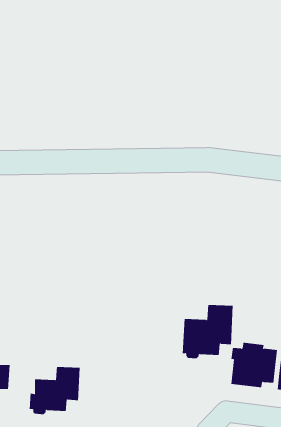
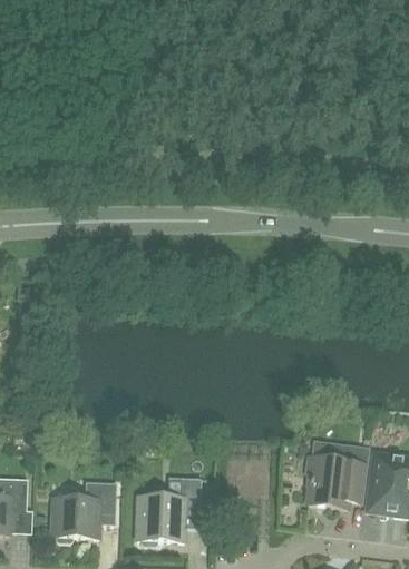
building: [182,305,234,359] -> [135,477,201,546]

